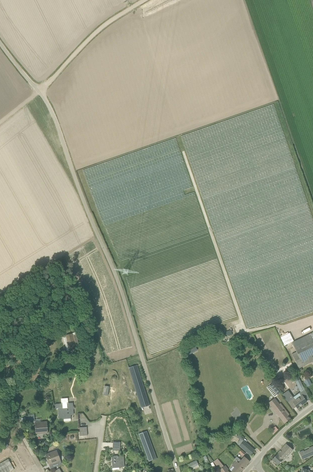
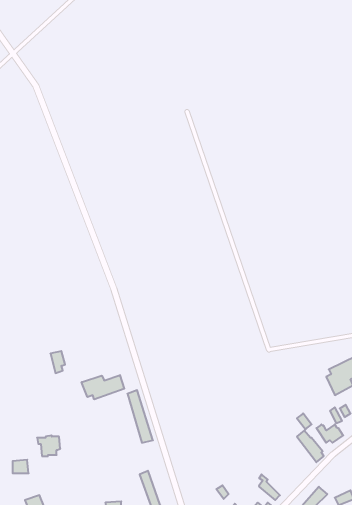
building: none -> [82,375,124,399]

